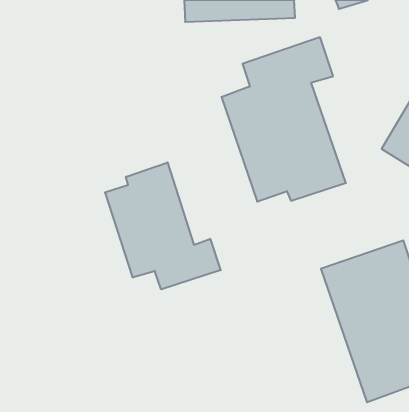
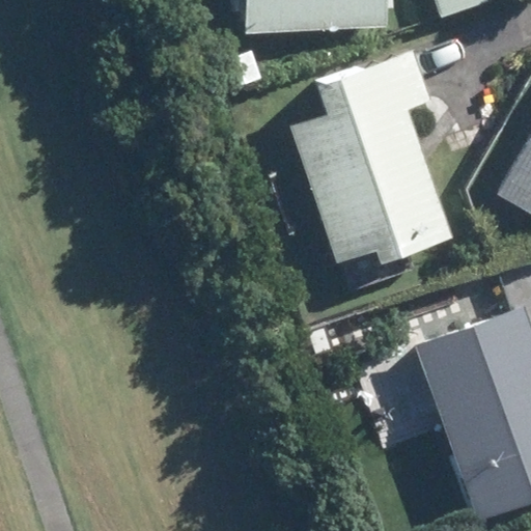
building: [105,162,221,289] -> none

